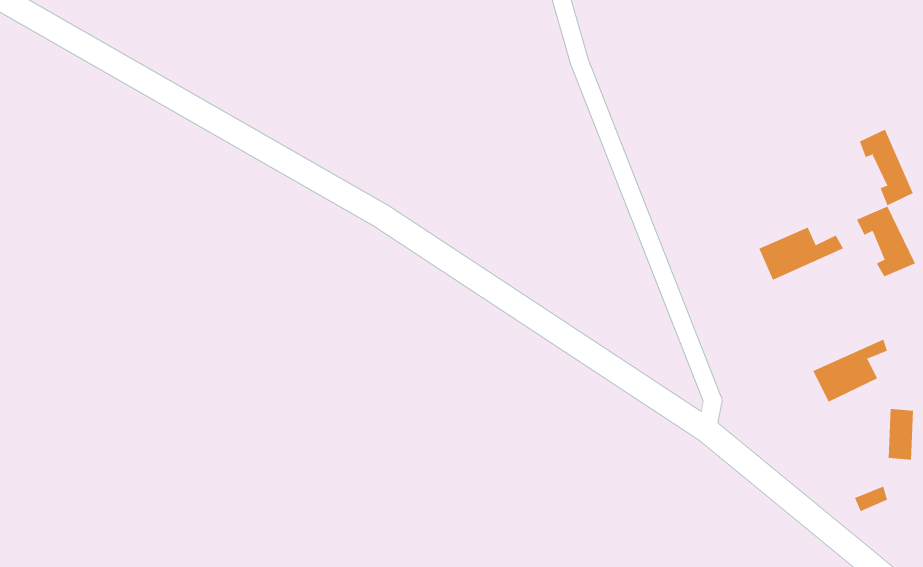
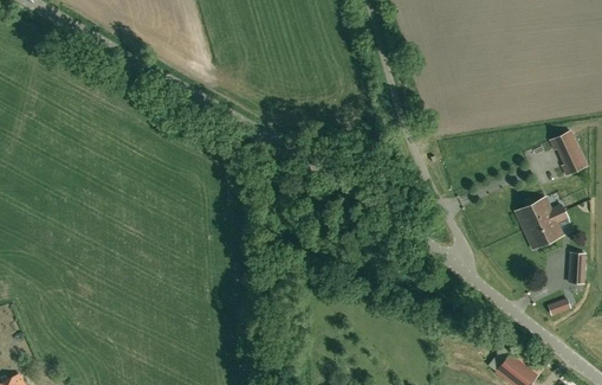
building: [859,129,913,206] -> none
building: [759,227,844,280] -> [514,198,565,230]

